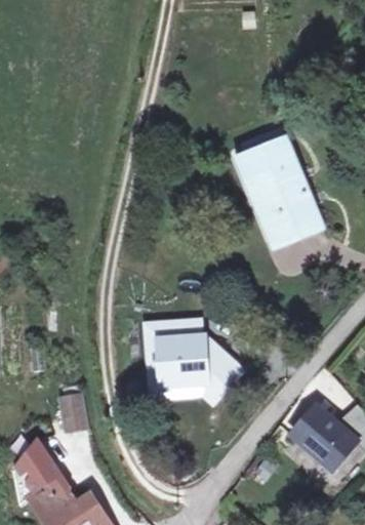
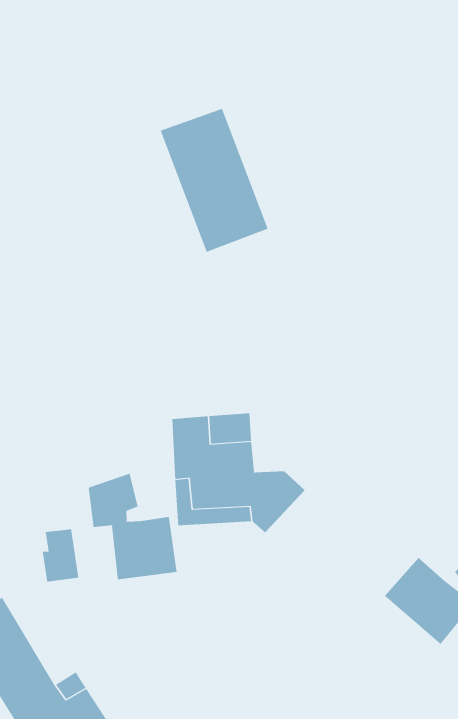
building: [245,135,320,235] -> [160,108,269,252]
building: none -> [88,473,177,580]

